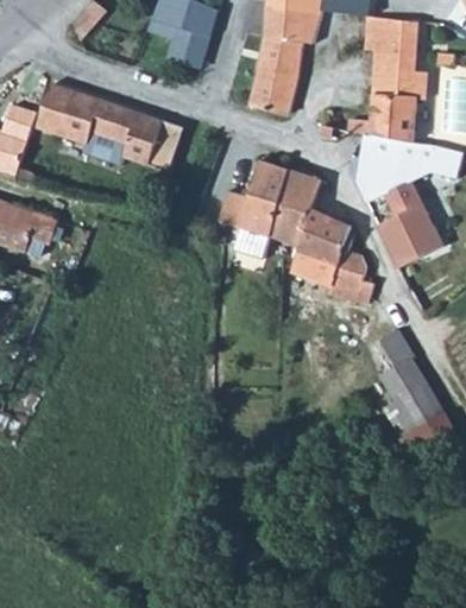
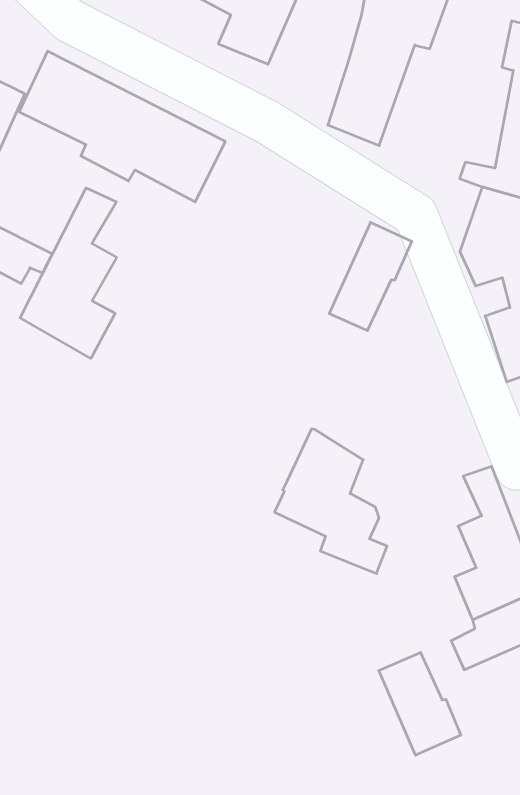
building: [216,160,289,259] -> none
building: none -> [20,188,117,358]
building: [291,208,373,303] -> [275,429,387,574]
building: none -> [379,652,461,755]

